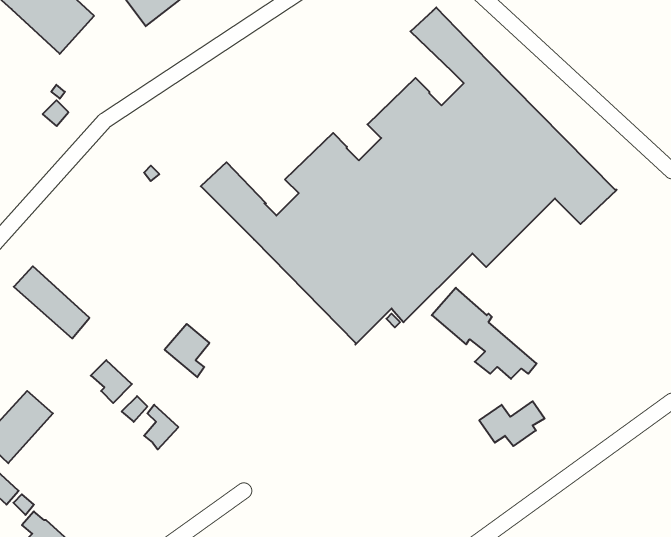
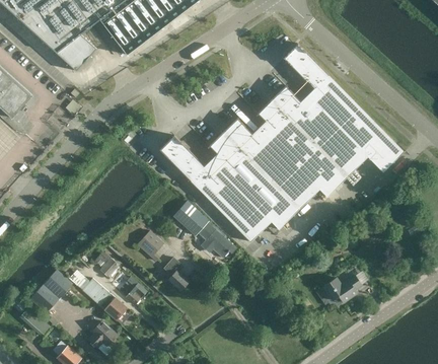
building: [14,266,89,338] -> [81,277,126,319]
building: [432,288,537,379] -> [174,203,236,257]
building: none -> [163,256,189,290]
building: none -> [88,320,116,346]

